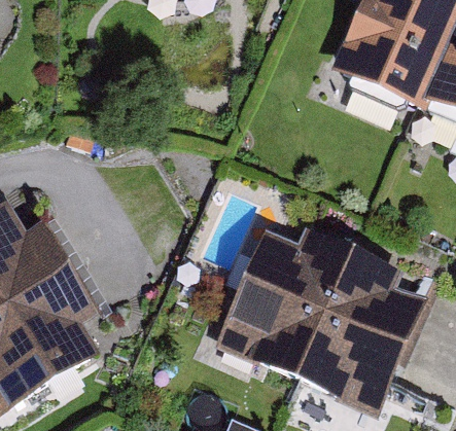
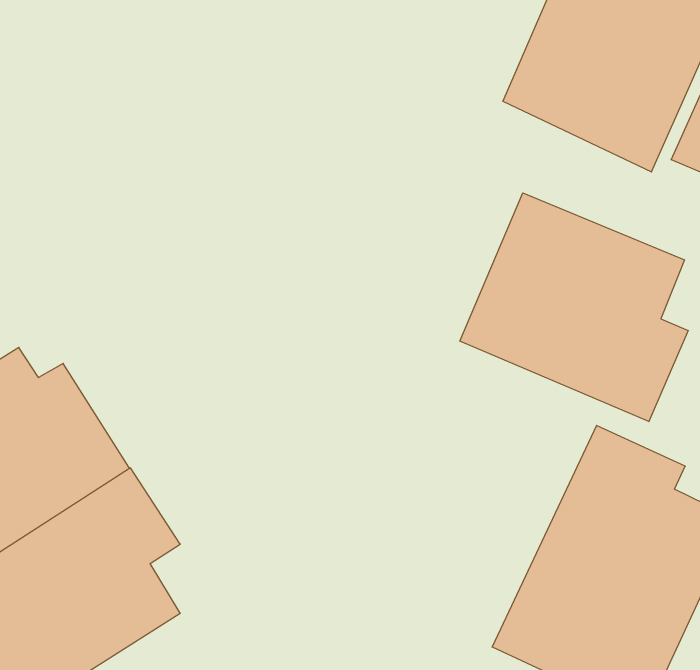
building: none -> [460,193,688,422]
building: [214,237,351,386] -> none

